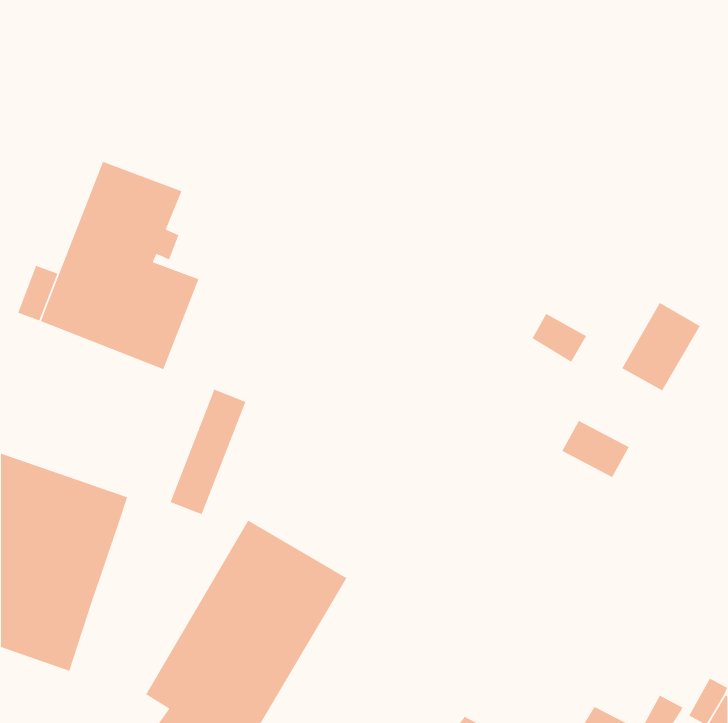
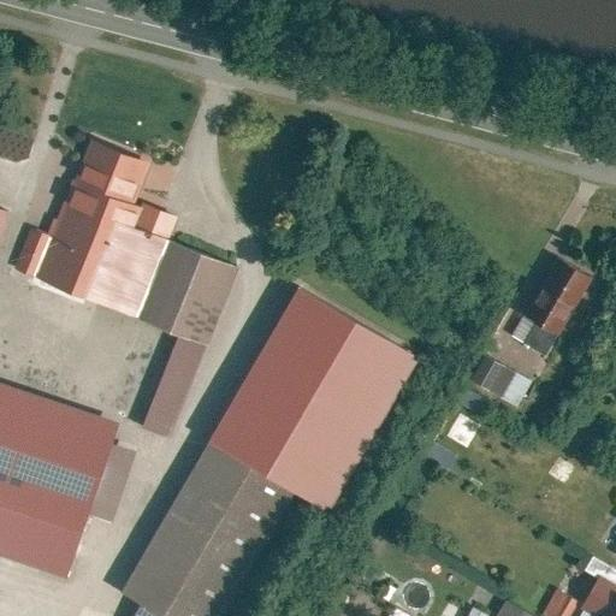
building: none -> [138,239,238,343]
building: [532,313,587,363] -> [513,315,559,357]
building: none -> [209,290,414,510]
building: none -> [78,445,131,522]

